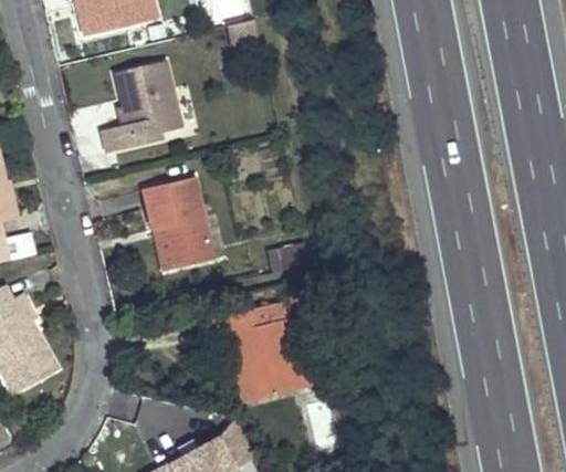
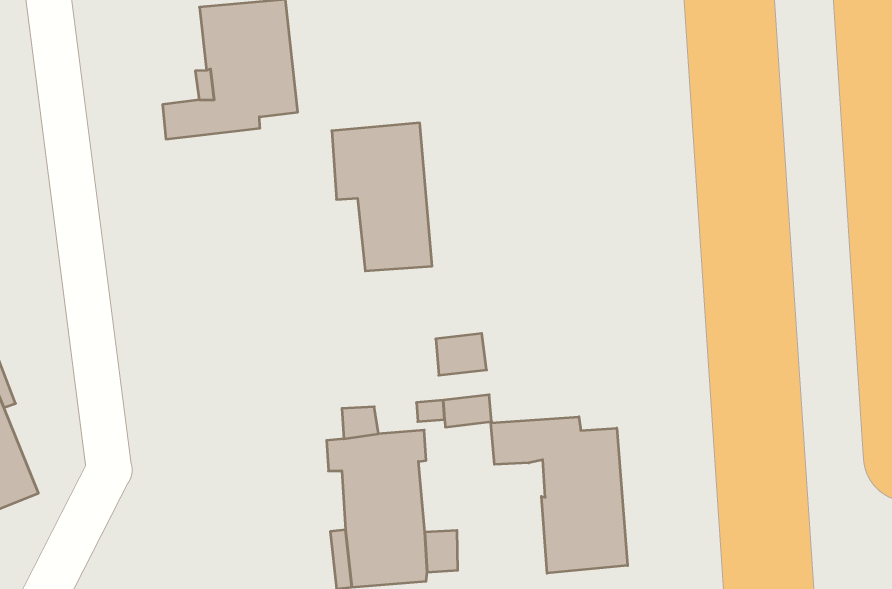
building: [145,176,213,266] -> [332,123,432,271]
building: none -> [491,417,628,573]

